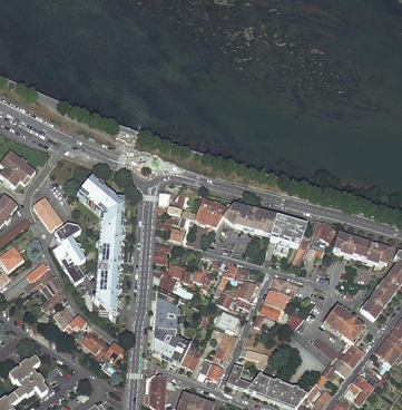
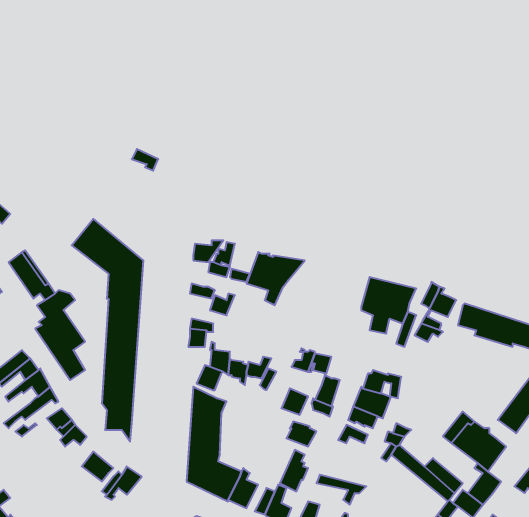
building: [222,203,276,234] -> none

